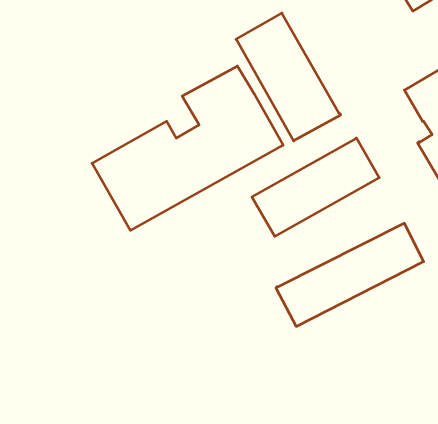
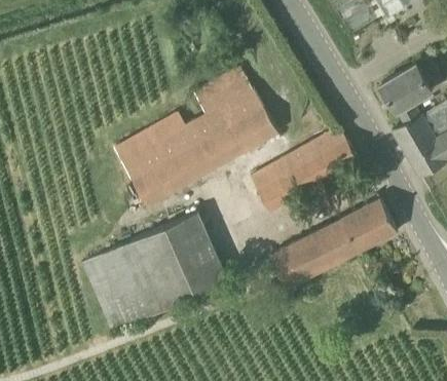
building: [236,13,340,141] -> none
building: none -> [82,215,227,333]

